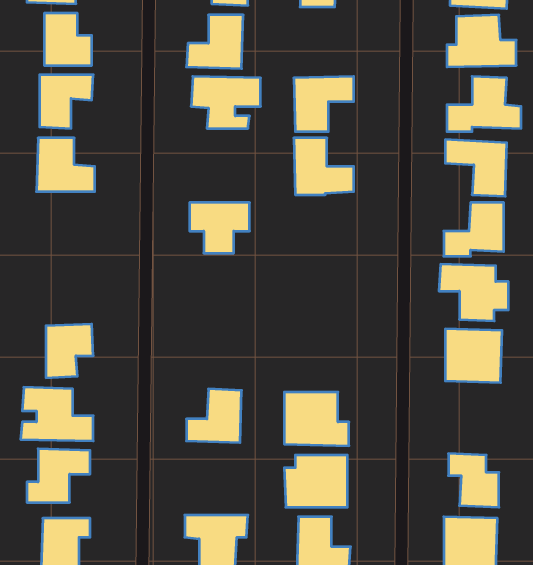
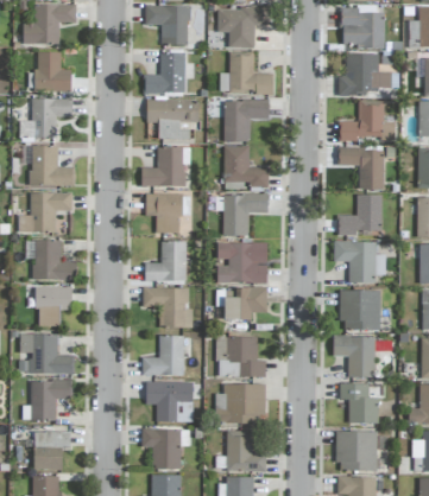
building: none -> [220,51,272,94]
building: none -> [140,147,190,186]
building: none -> [19,192,72,233]
building: none -> [222,193,267,235]
building: none -> [33,240,76,280]
building: none -> [144,241,185,281]
building: none -> [215,242,267,284]
building: none -> [143,287,193,328]
building: none -> [223,290,267,320]
building: none -> [333,336,374,377]
building: none -> [146,381,193,422]

